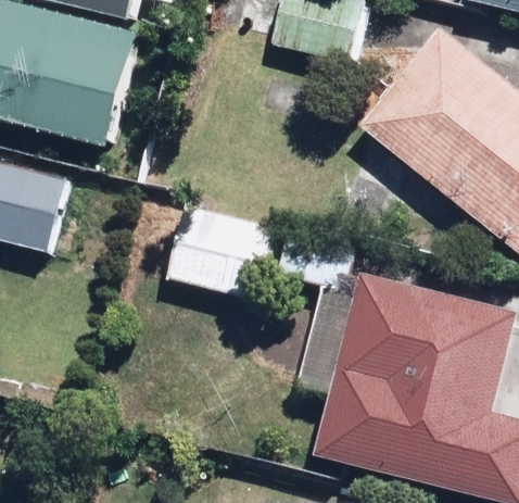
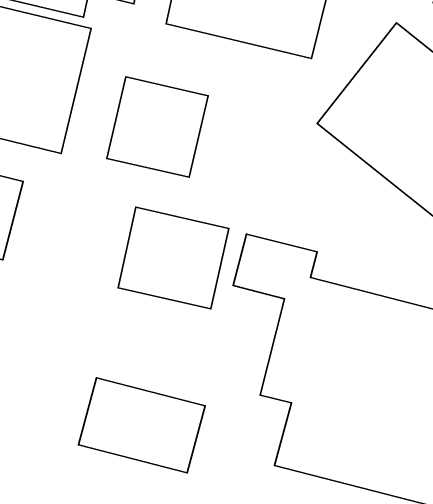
building: none -> [107,77,208,177]
building: none -> [79,378,205,473]

